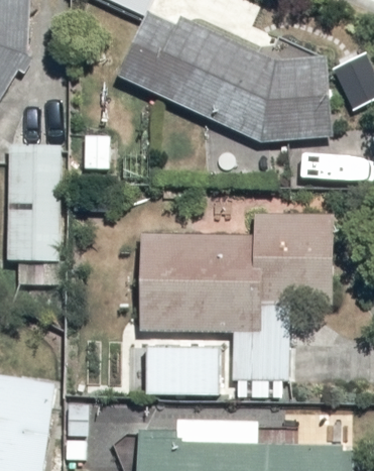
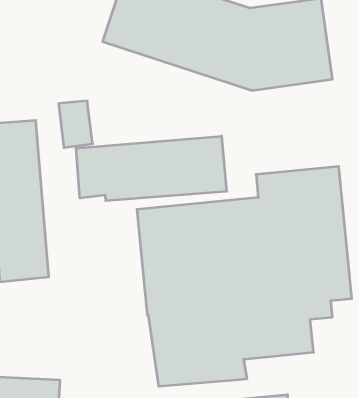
building: none -> [76,136,227,201]

